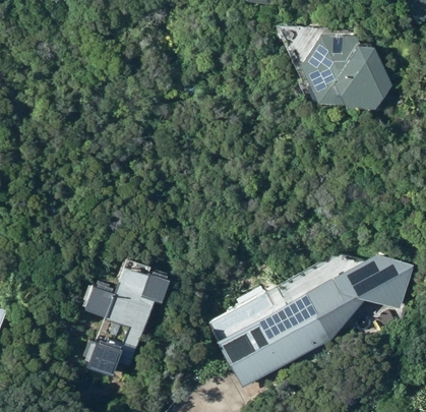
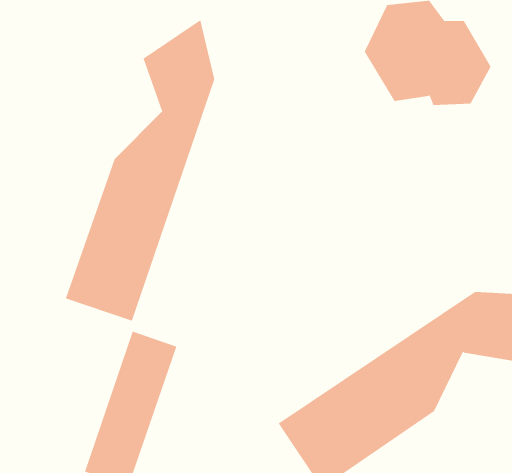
building: none -> [65,19,215,322]

